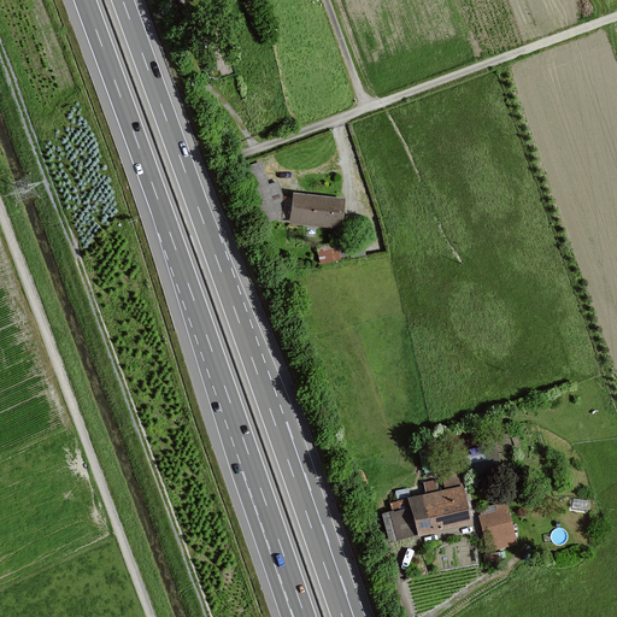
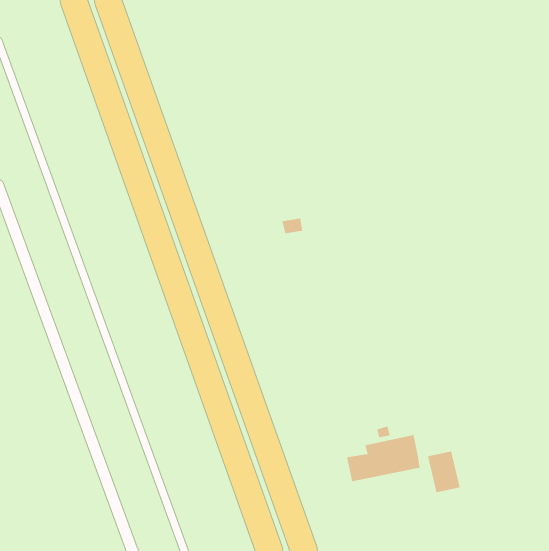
building: [292,193,341,227] -> none

